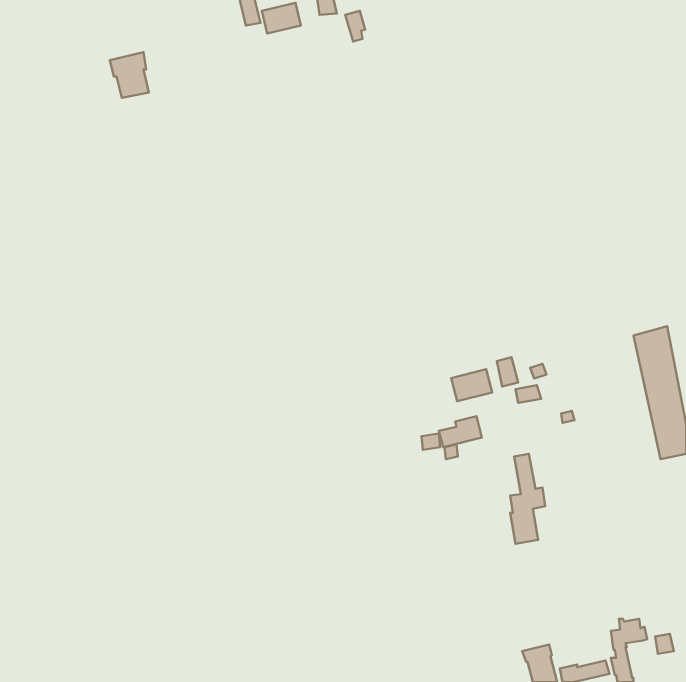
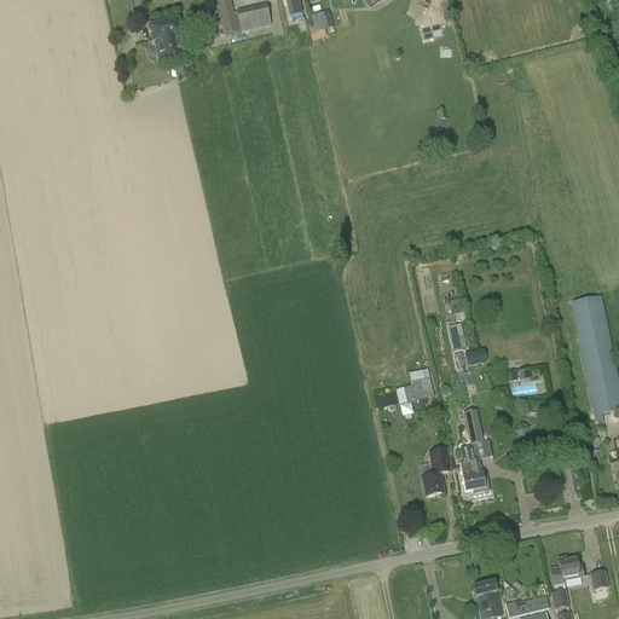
building: [110,52,149,98] -> [149,17,184,58]
building: [451,369,492,401] -> none
building: none -> [420,447,451,496]

